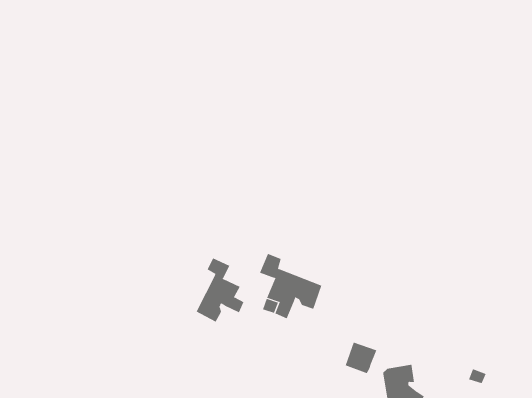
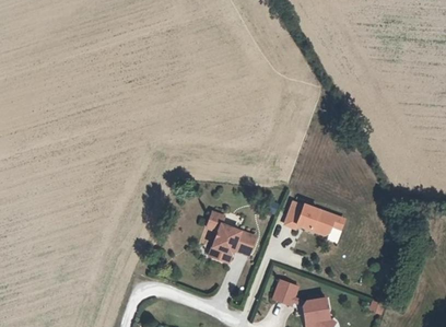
building: none -> [285,200,347,243]
building: [196,258,244,323] -> none

